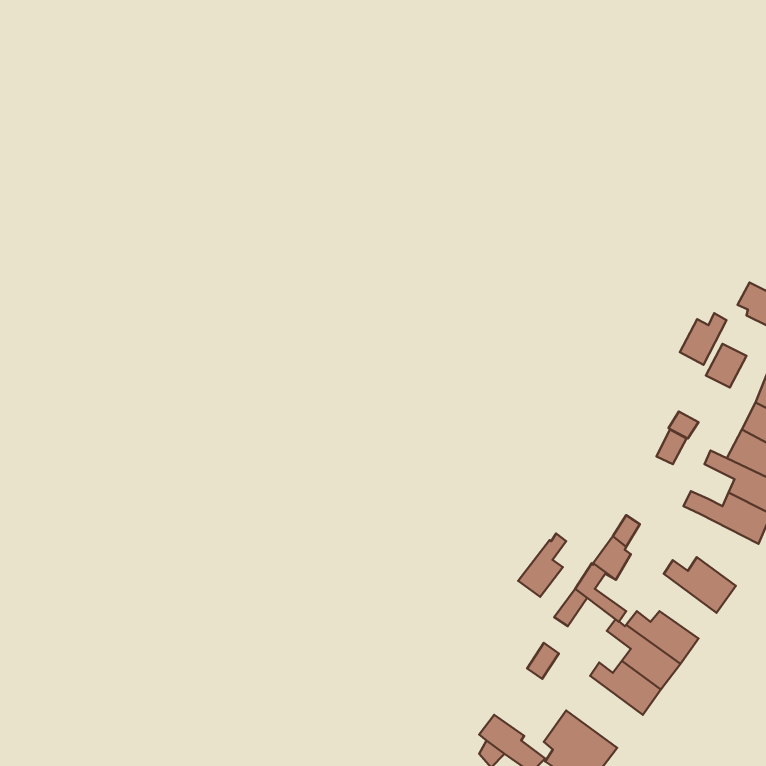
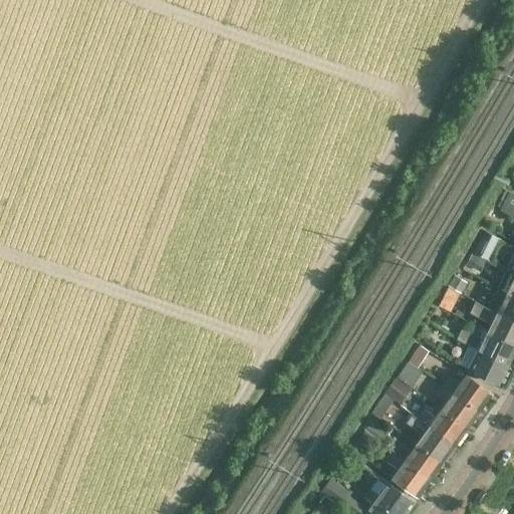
building: [680,313,726,365] -> none
building: none -> [459,344,508,383]
building: [518,534,566,597] -> none
building: none -> [438,384,480,428]
building: none -> [390,453,431,496]

